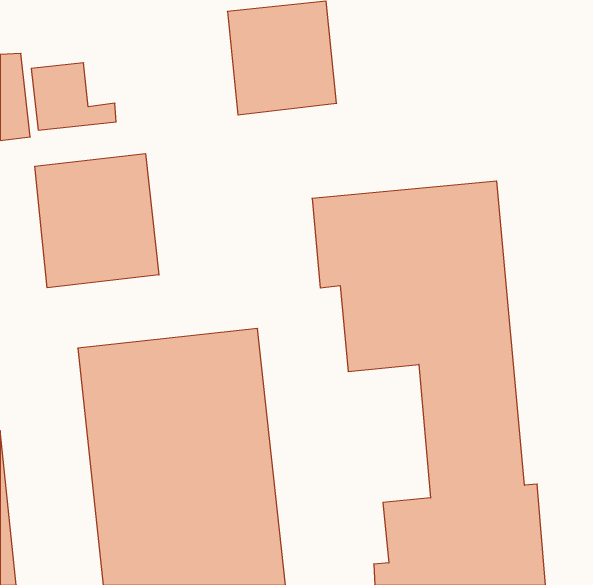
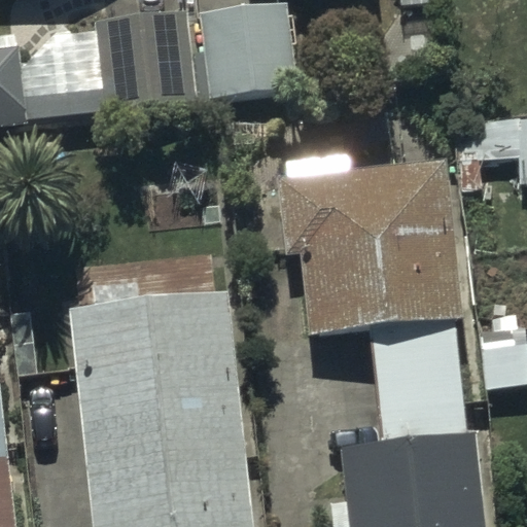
building: none -> [98,11,199,111]
building: [35,154,159,288] -> none

